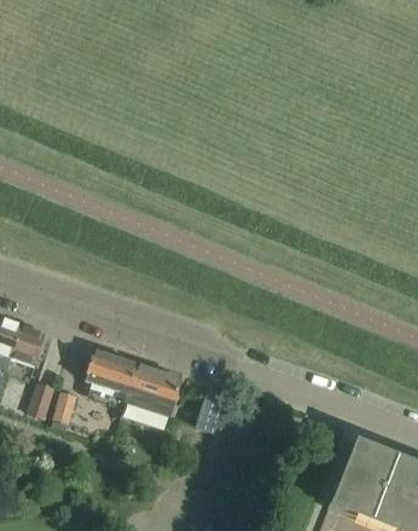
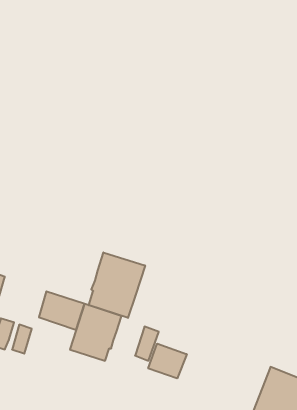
building: none -> [89,252,145,318]
building: none -> [148,344,187,378]

